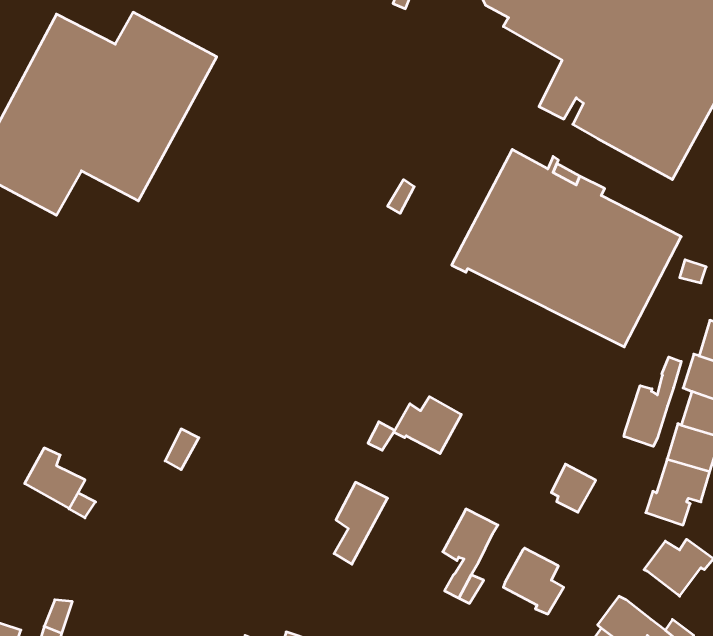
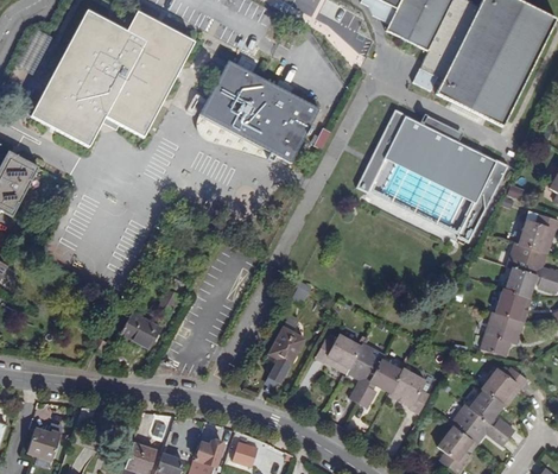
building: none -> [202,62,322,163]
building: [624,357,681,446] -> none
building: [394,397,461,454] -> [313,336,359,374]
building: [25,448,85,508] -> [123,309,164,349]
building: [551,464,596,512] -> [368,362,398,394]
building: none -> [467,387,501,419]

